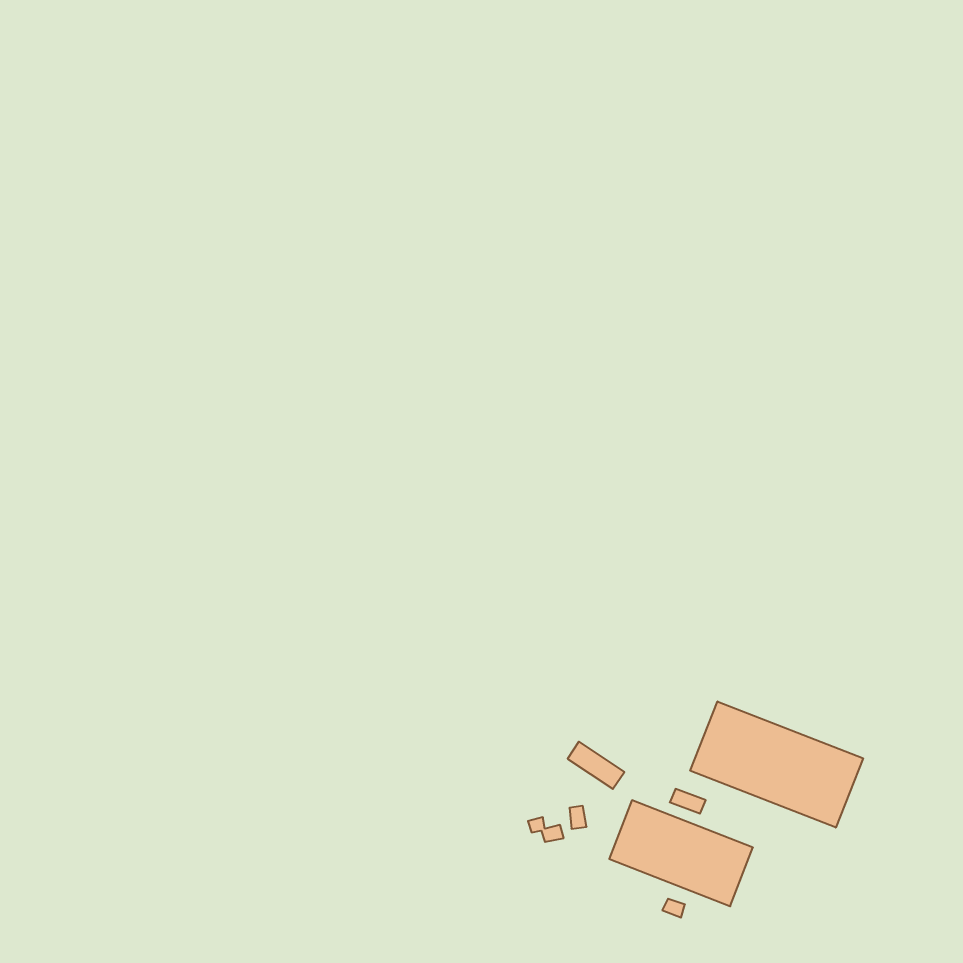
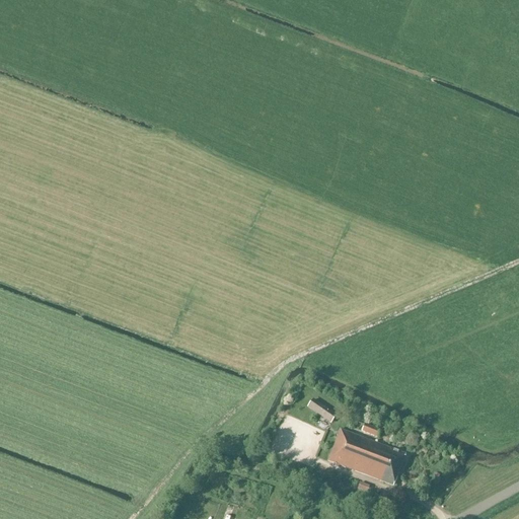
building: [690,701,863,828] -> none

